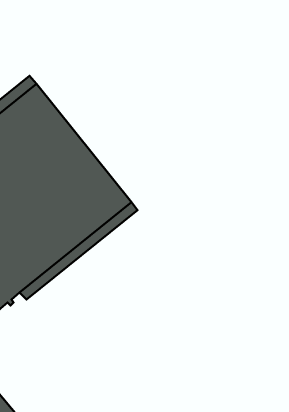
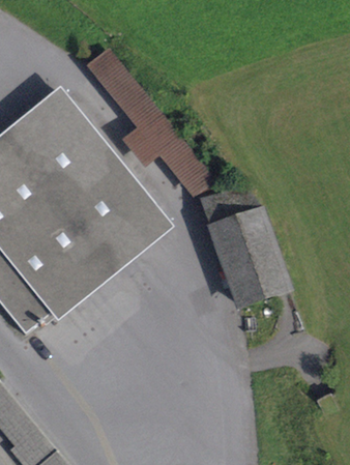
building: none -> [91,53,209,191]
building: none -> [202,185,287,303]

